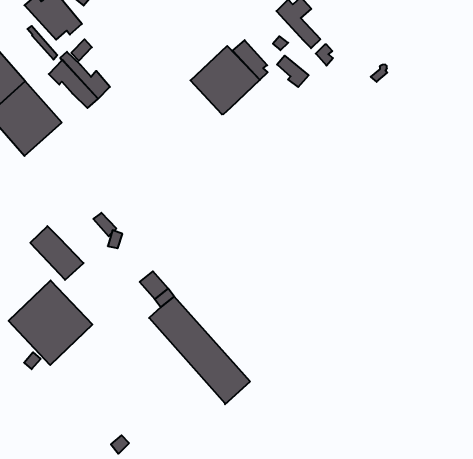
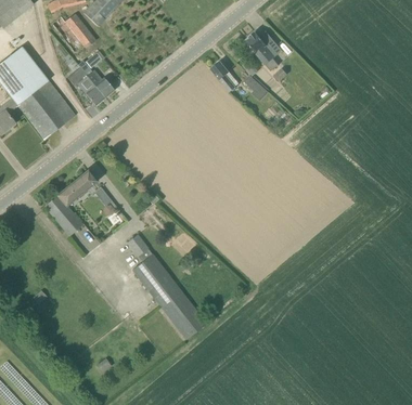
building: [190,46,260,114] -> none
building: none -> [59,170,96,204]
building: [9,280,92,365] -> none

